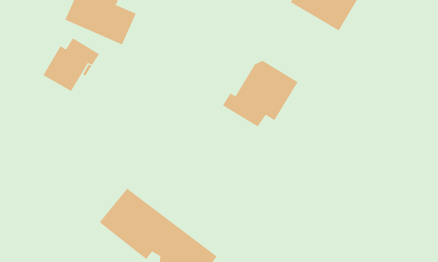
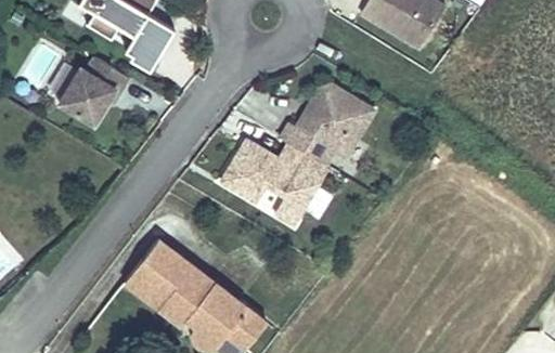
building: none -> [218,140,325,226]

